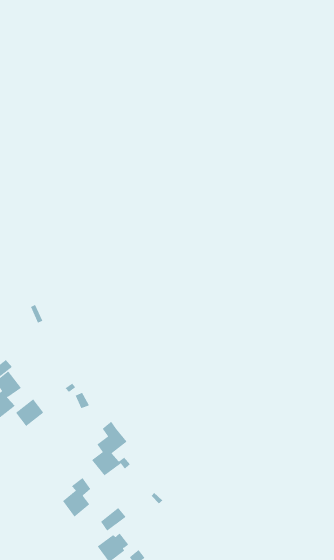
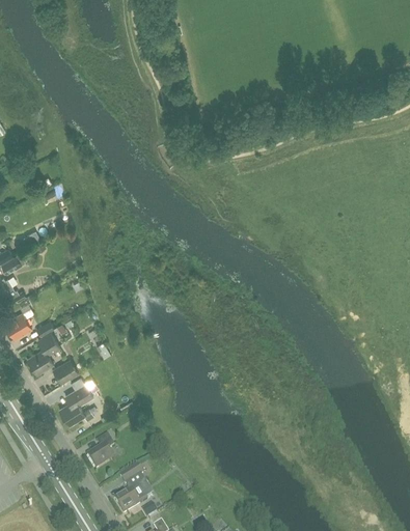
building: [91,421,131,476] -> [58,376,93,425]

